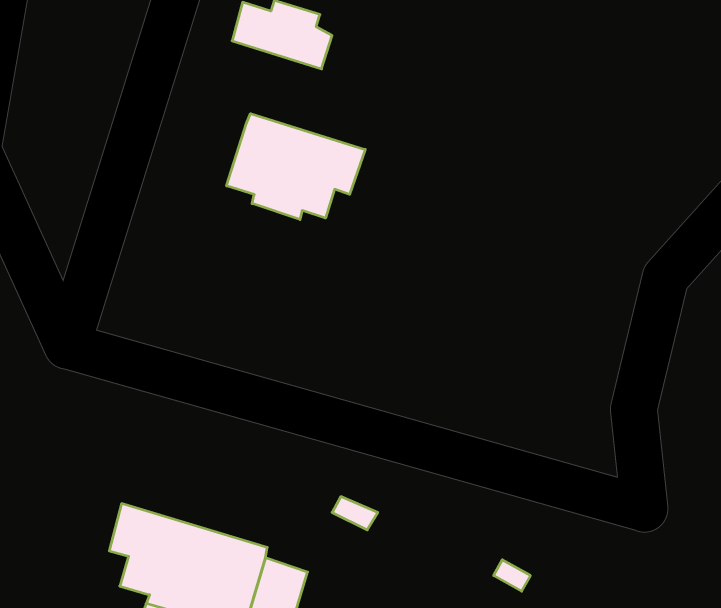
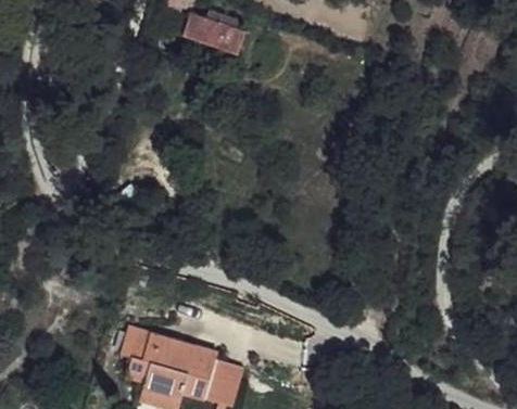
building: [227,114,365,220] -> none

